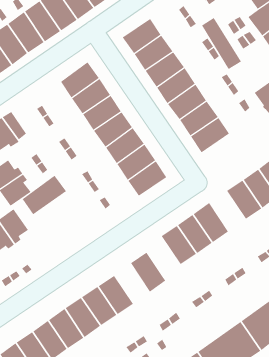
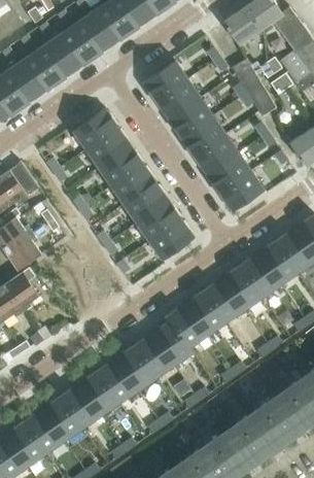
building: [22,175,67,215] -> none
building: none -> [240,252,280,298]
building: none -> [167,303,207,348]
building: none -> [134,333,173,378]

